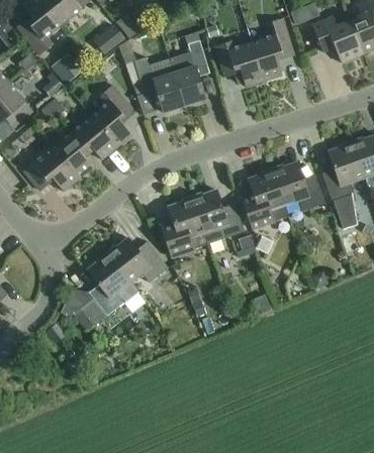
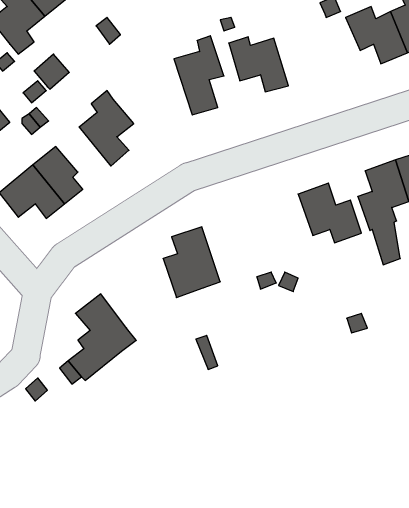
building: [252,18,294,81] -> none
building: [134,56,184,112] -> none
building: [71,115,116,159] -> none
building: [242,171,288,228] -> none
building: [192,190,245,243] -> none
building: [108,237,168,281] -> none

